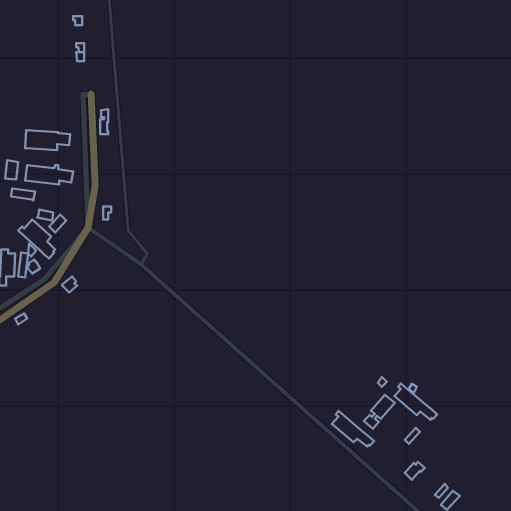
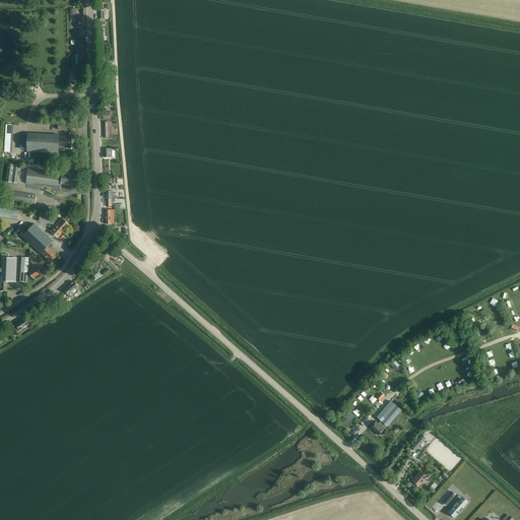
building: [395,383,437,420] -> none
building: [332,411,374,447] -> none

